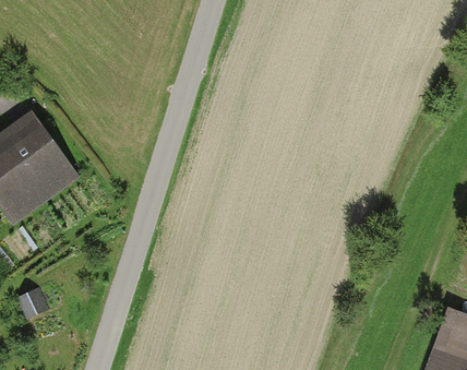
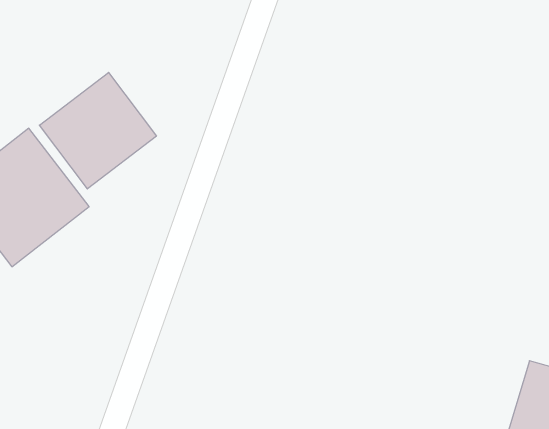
building: none -> [39,72,156,189]

